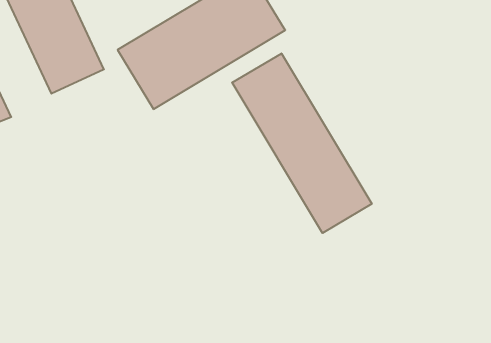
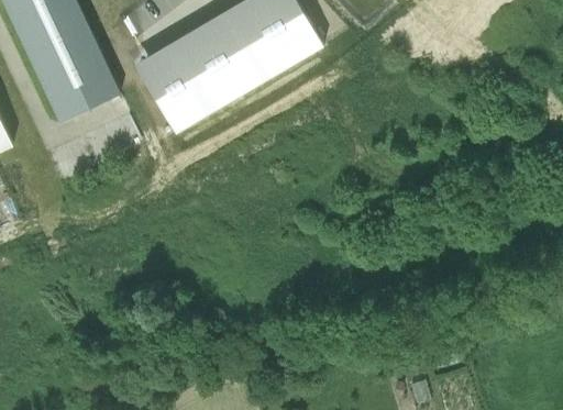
building: [232,53,372,233] -> none

